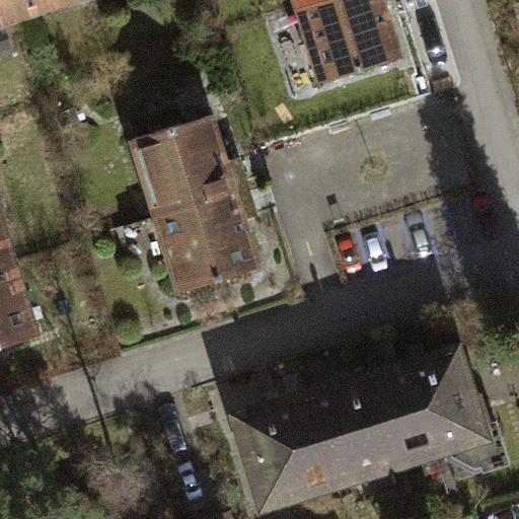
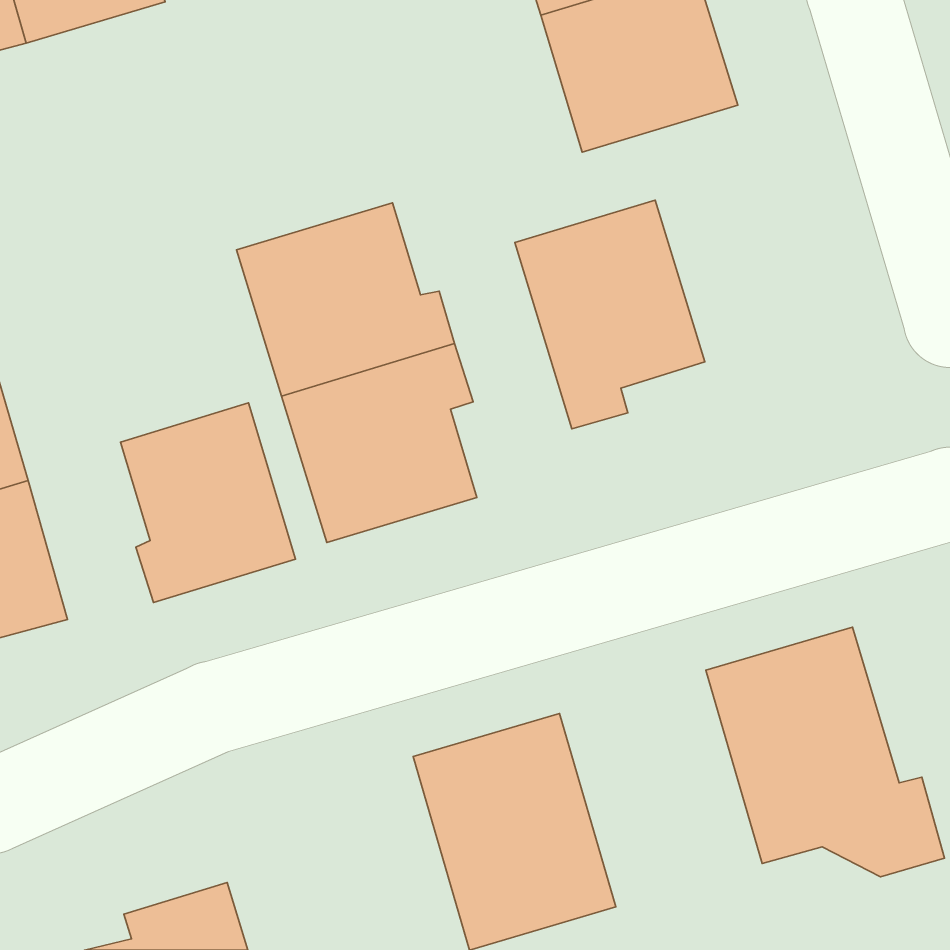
building: none -> [515,200,705,429]
building: none -> [120,403,296,603]
building: [302,362,412,492] -> none

